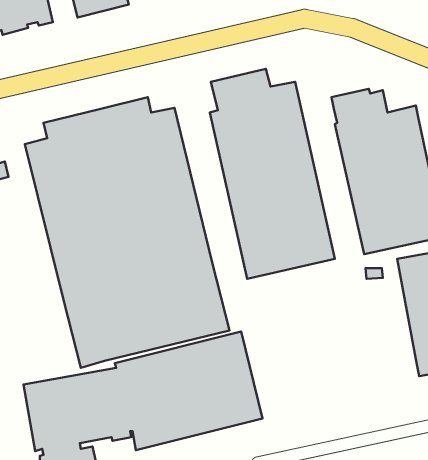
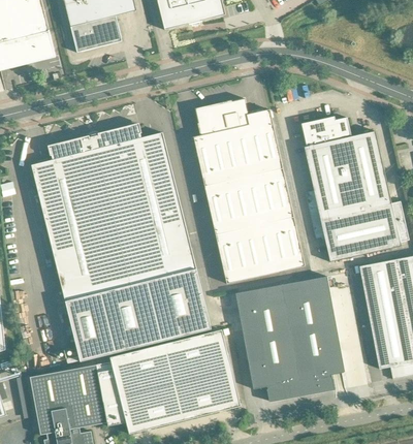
building: none -> [234,276,344,401]

